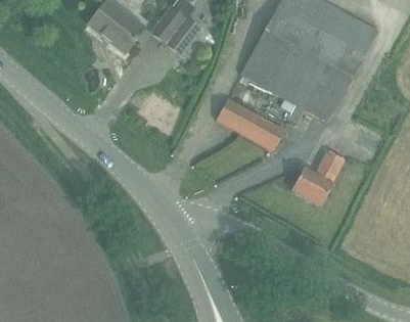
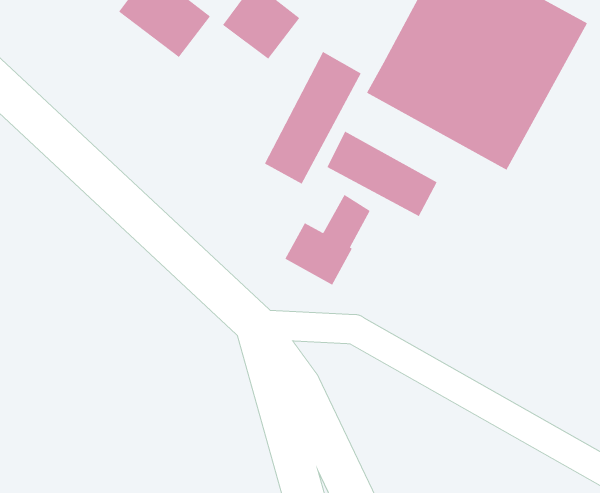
building: none -> [264,51,361,185]
building: [291,149,345,205] -> [285,194,371,285]

